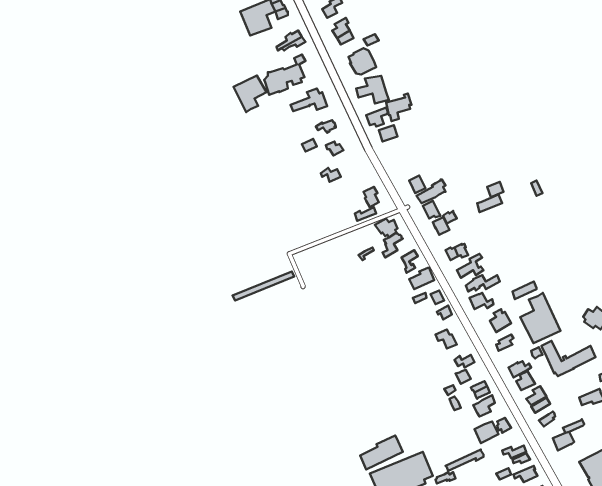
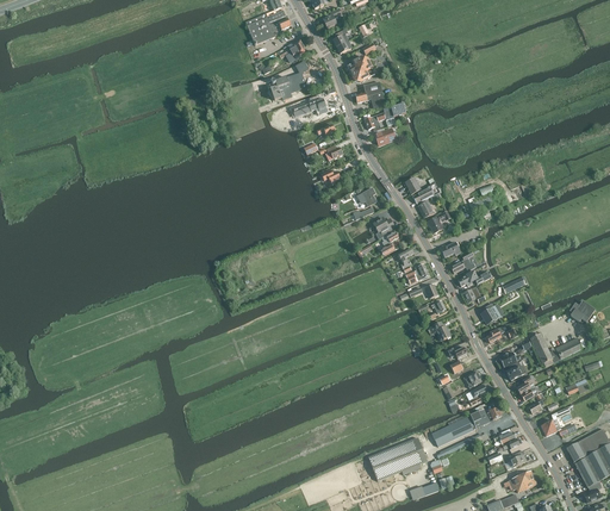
building: [234,75,267,112] -> none
building: [520,293,560,343] -> none
building: [360,435,403,470] -> [432,413,473,445]

